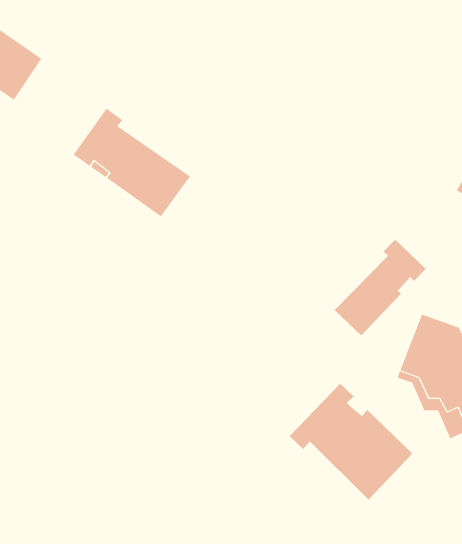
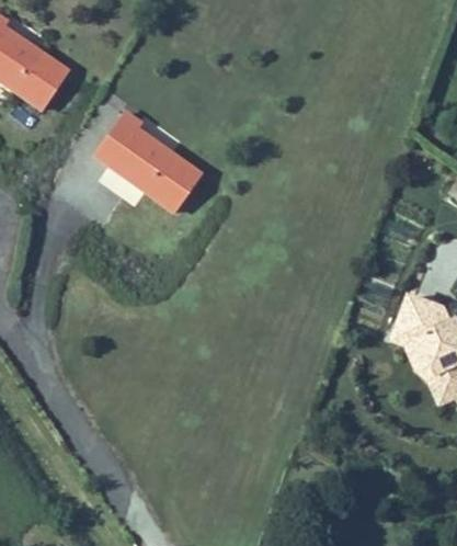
building: [334,239,426,336] -> none
building: [289,383,413,501] -> none

